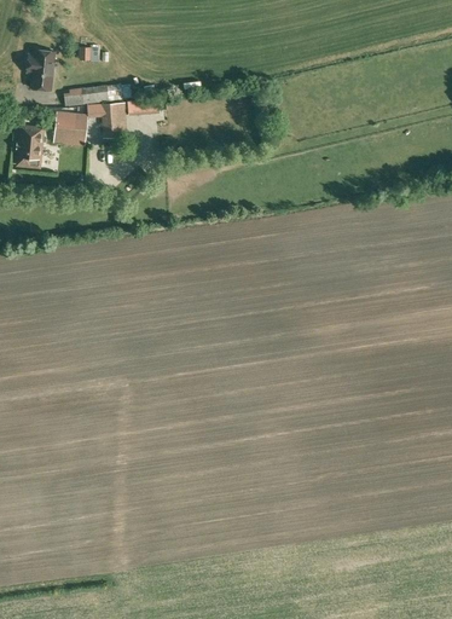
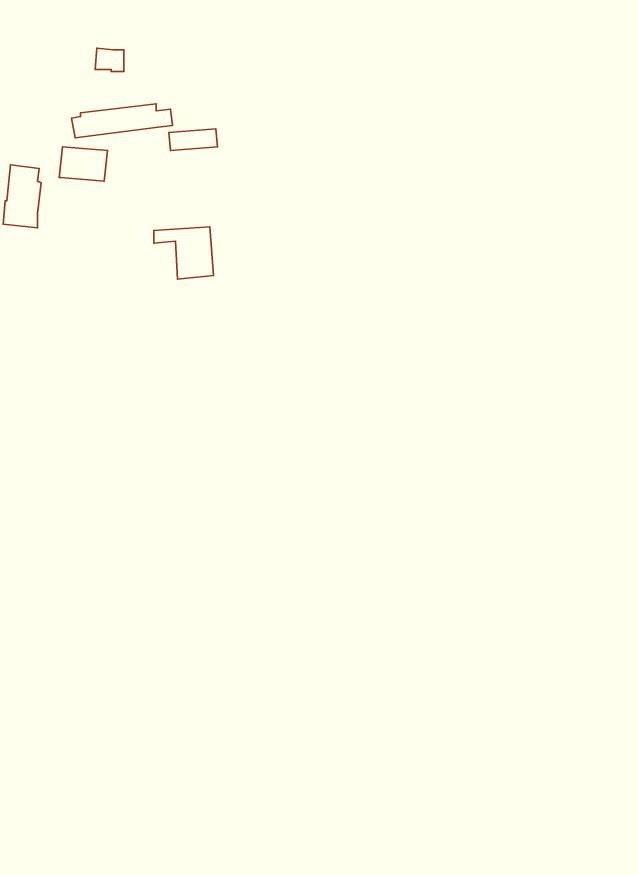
building: [25,50,53,89] -> none
building: [87,105,127,140] -> [154,227,213,279]

